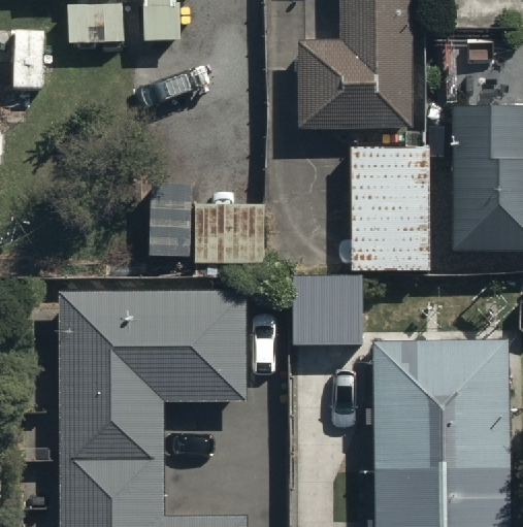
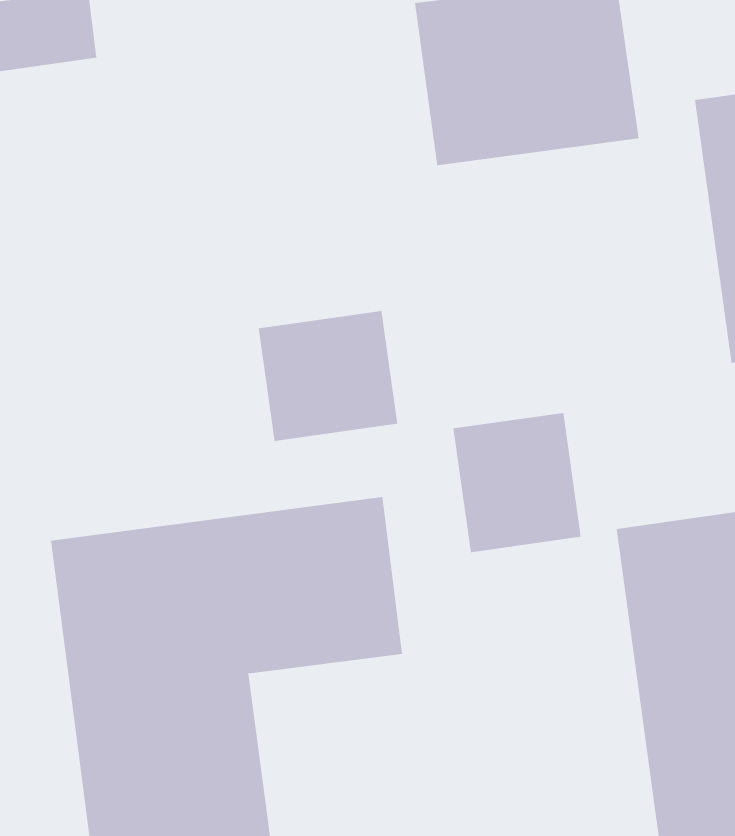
building: [349,146,425,269] -> none

